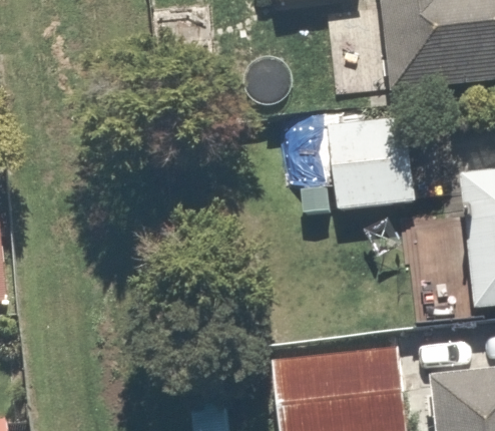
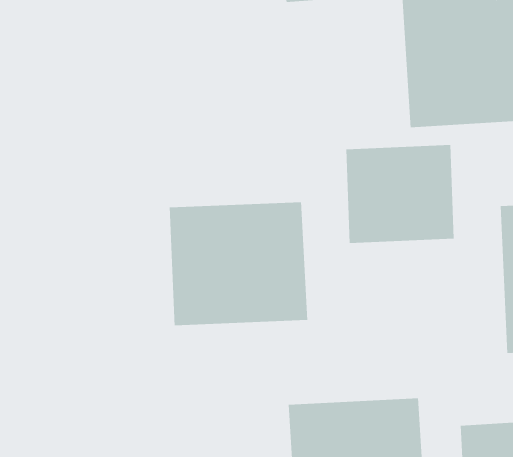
building: none -> [169,201,308,326]

